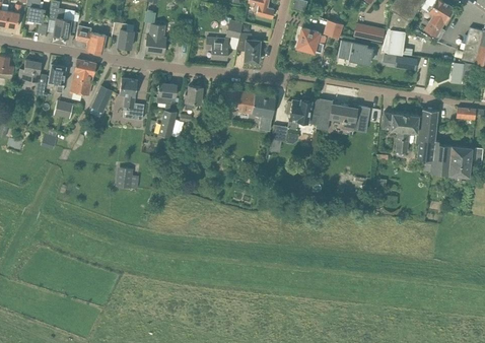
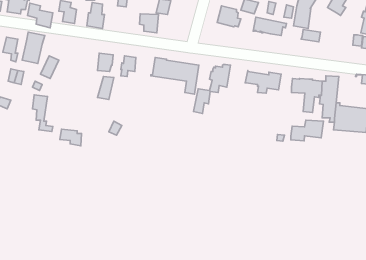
building: [236,33,260,62] -> none
building: [120,78,143,121] -> [33,95,53,132]
building: [307,97,333,131] -> none
building: none -> [291,120,324,141]

